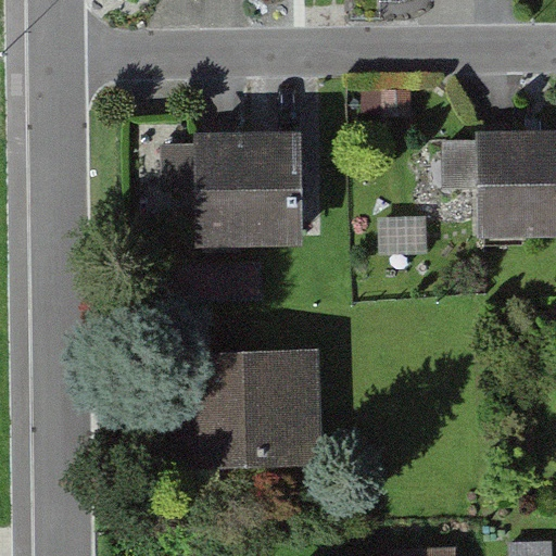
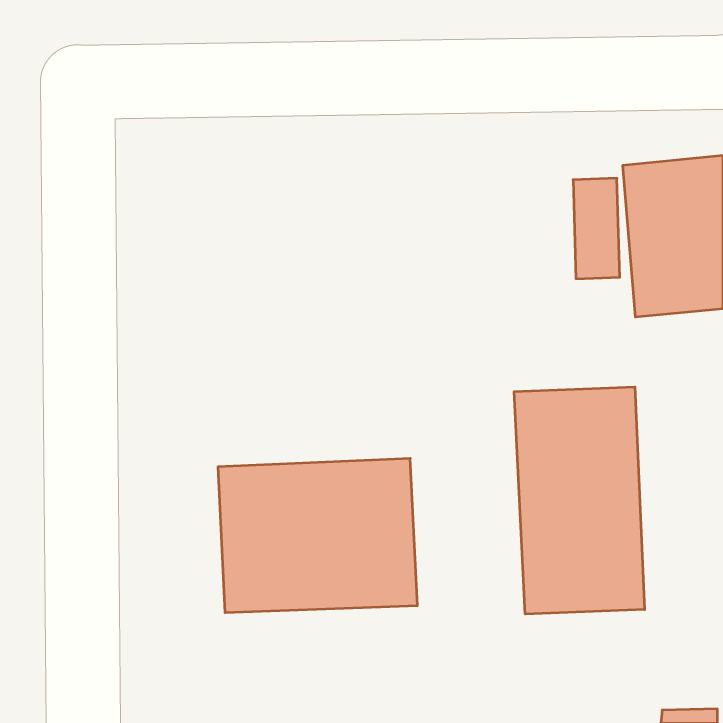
building: [195,127,309,253] -> none
building: none -> [514,387,645,614]

